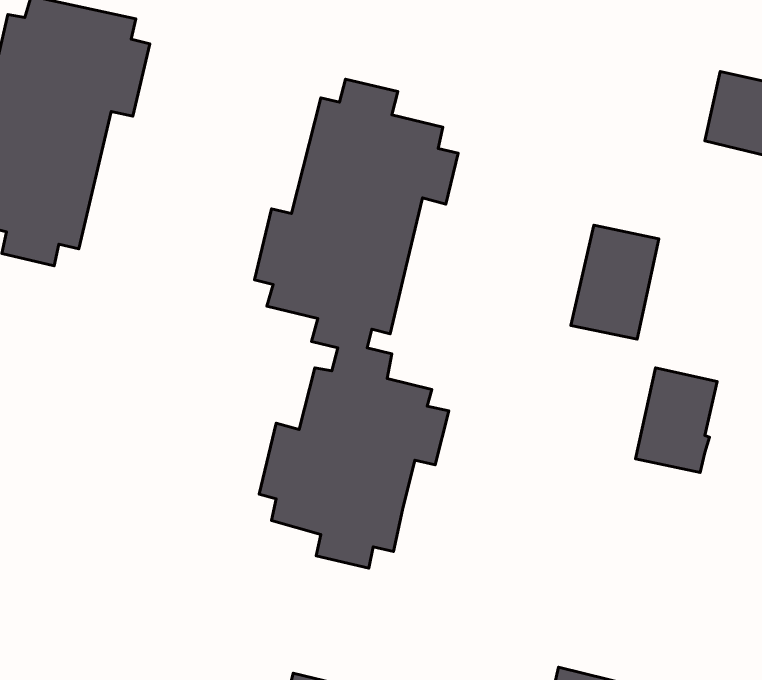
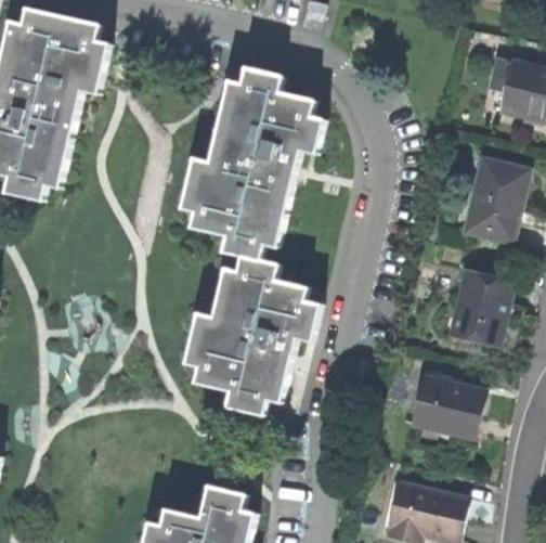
building: [571,225,659,339] -> [463,161,524,242]
building: none -> [411,370,481,437]

